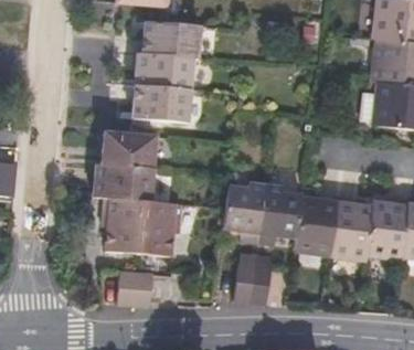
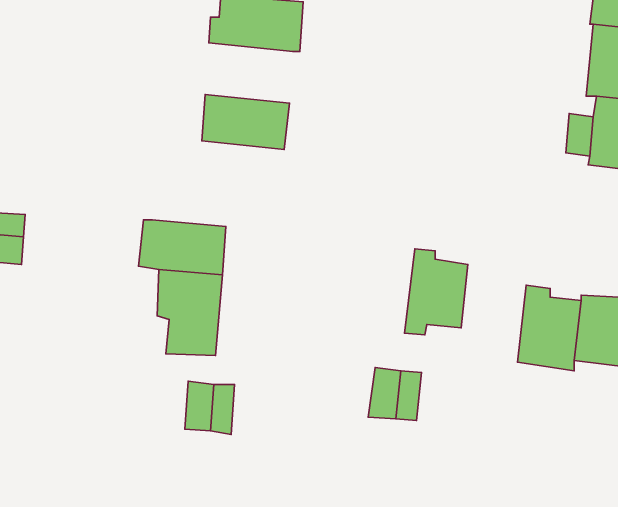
building: [132,51,189,89] -> none
building: [98,131,148,169] -> none
building: [224,181,267,237] -> none
building: [139,200,179,255] -> none
building: [300,205,339,256] -> none

